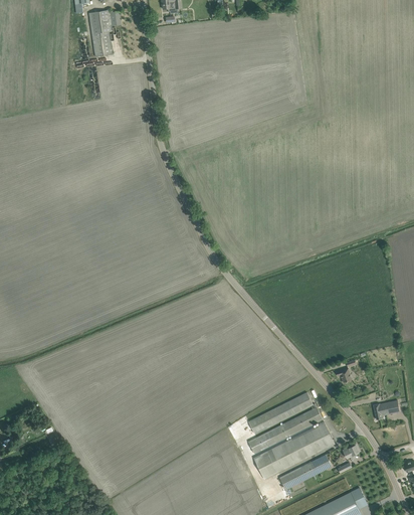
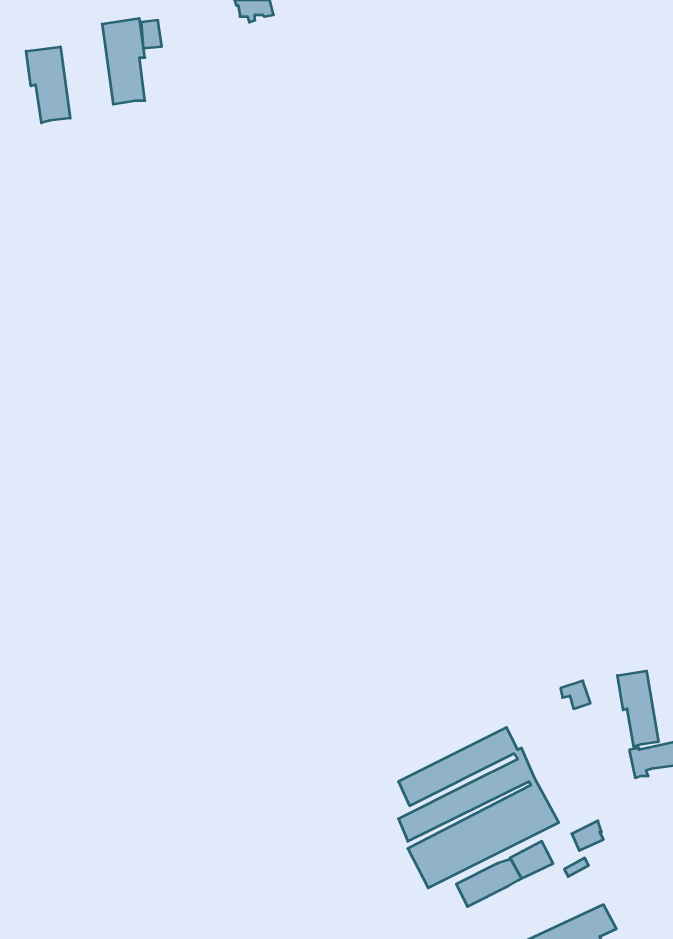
building: none -> [26,47,70,123]
building: none -> [617,671,658,747]

